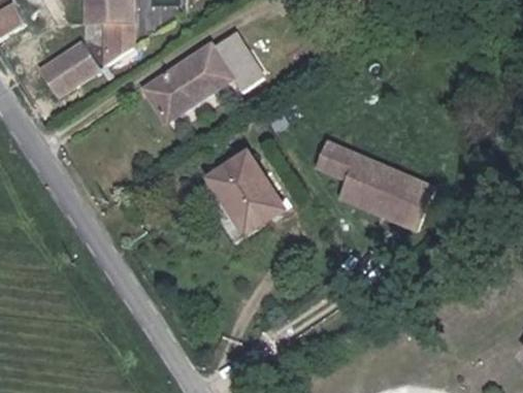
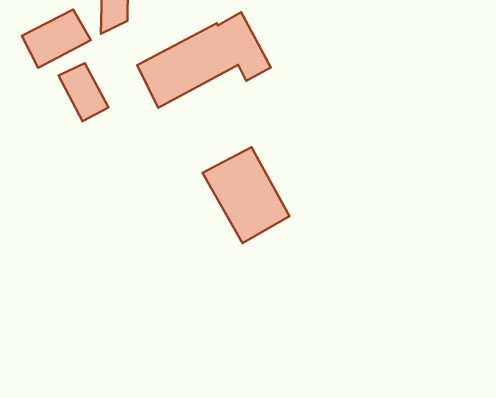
building: none -> [59,63,108,121]
building: [324,143,435,228] -> none

